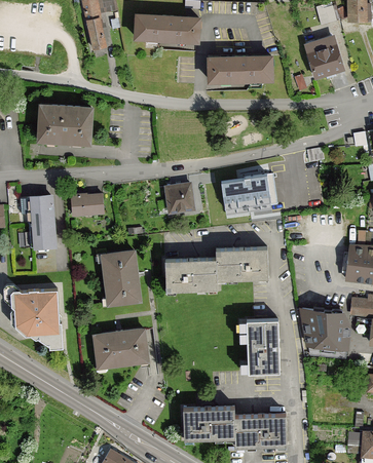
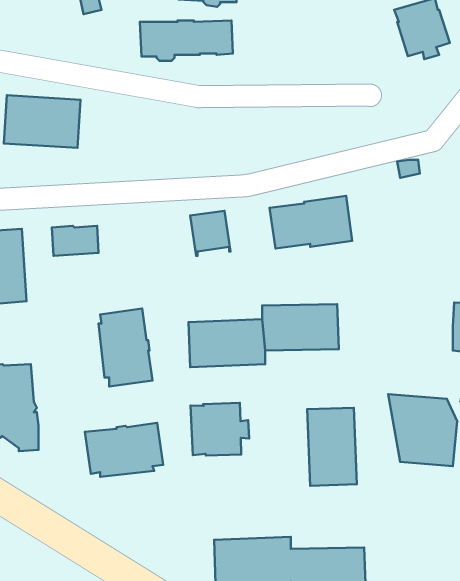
building: [209,56,272,84] -> [140,20,233,61]
building: none -> [191,403,249,456]

